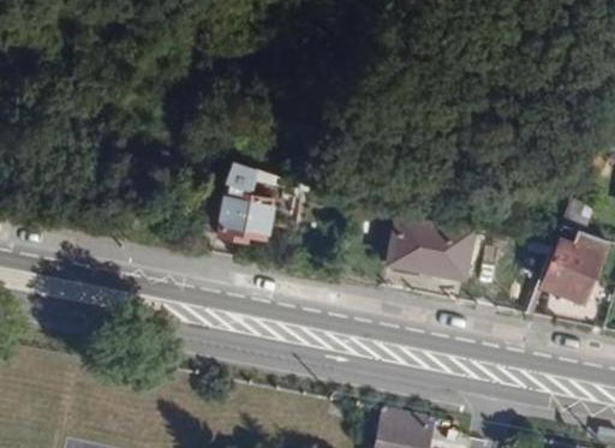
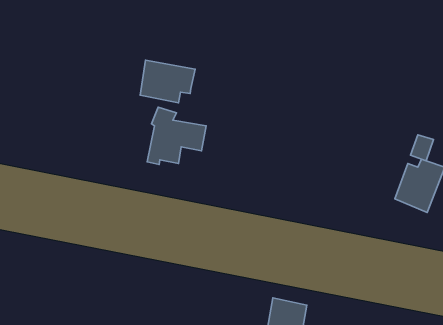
building: none -> [140,60,195,103]
building: [387,217,471,277] -> none

